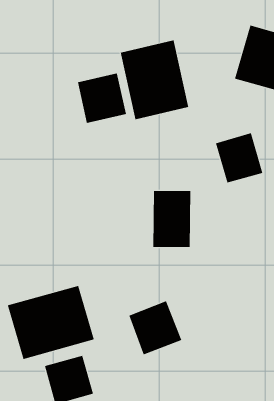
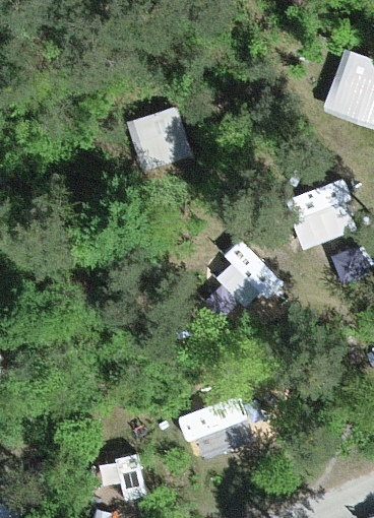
building: [120,40,189,120] -> none
building: [7,285,95,360] -> none

